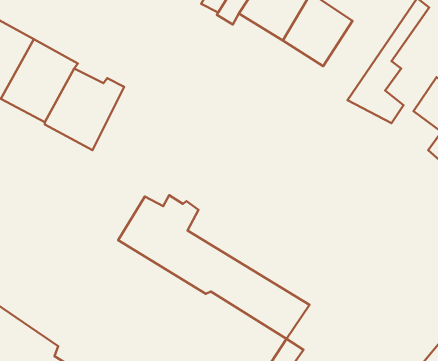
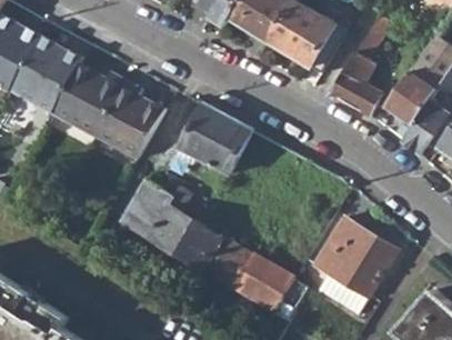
building: none -> [96,81,165,161]
building: none -> [180,102,252,173]
building: none -> [314,218,398,298]

